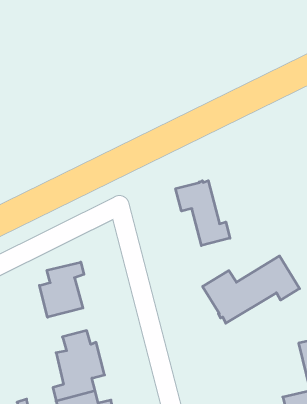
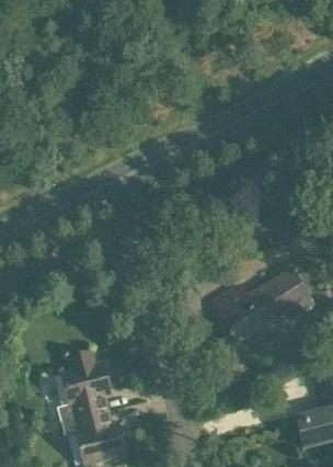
building: [176,181,230,246] -> none
building: [39,262,84,317] -> none

